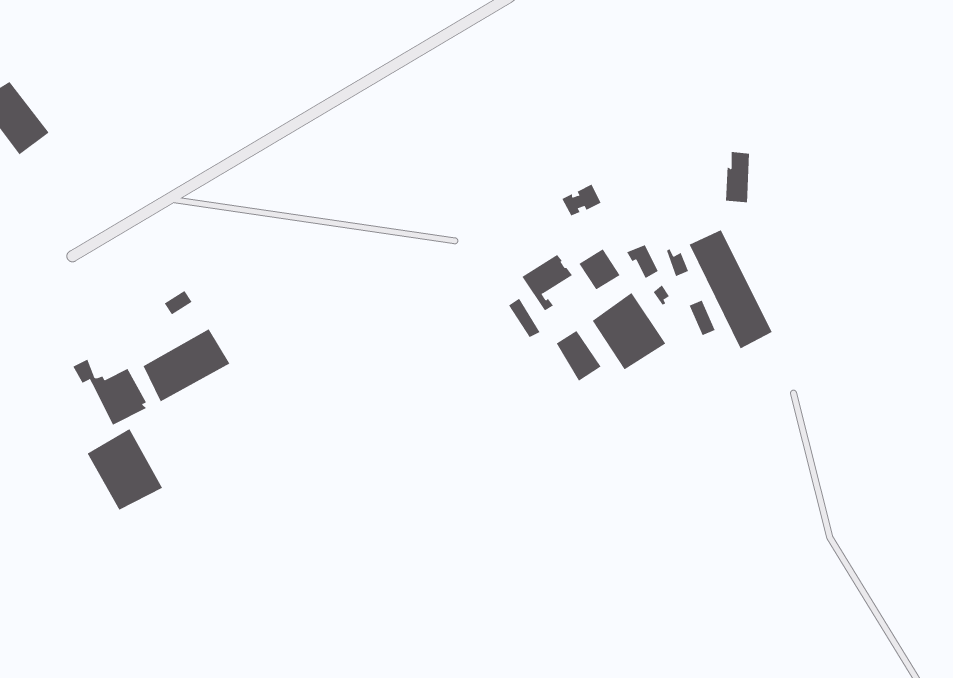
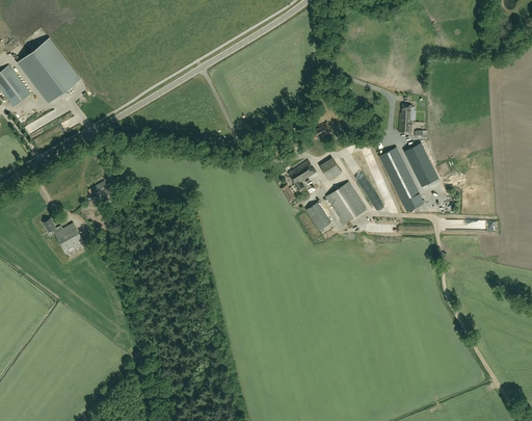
building: none -> [17,38,79,103]
building: none -> [404,142,438,186]
building: [143,329,230,402] -> none
building: [87,428,163,510] -> none

